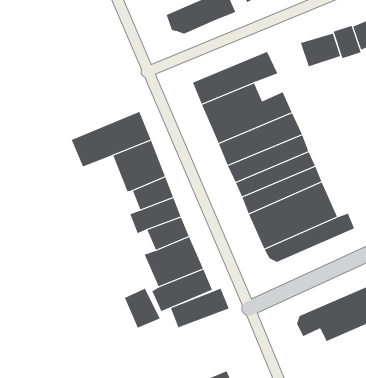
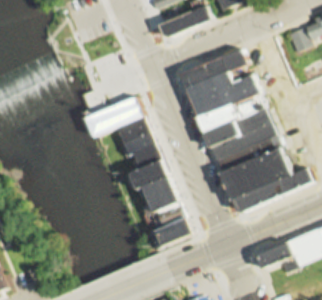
building: [300,33,341,67] -> none
building: [170,288,230,328] -> none
building: [124,288,160,328] -> none

